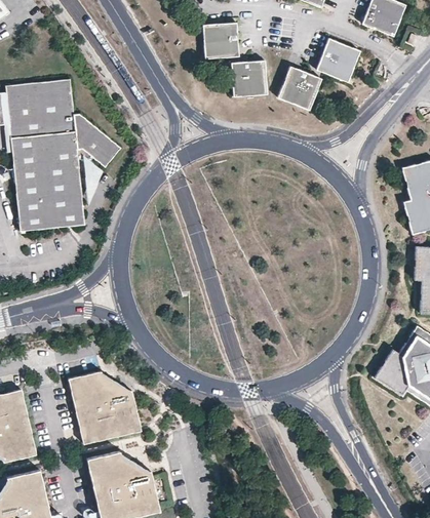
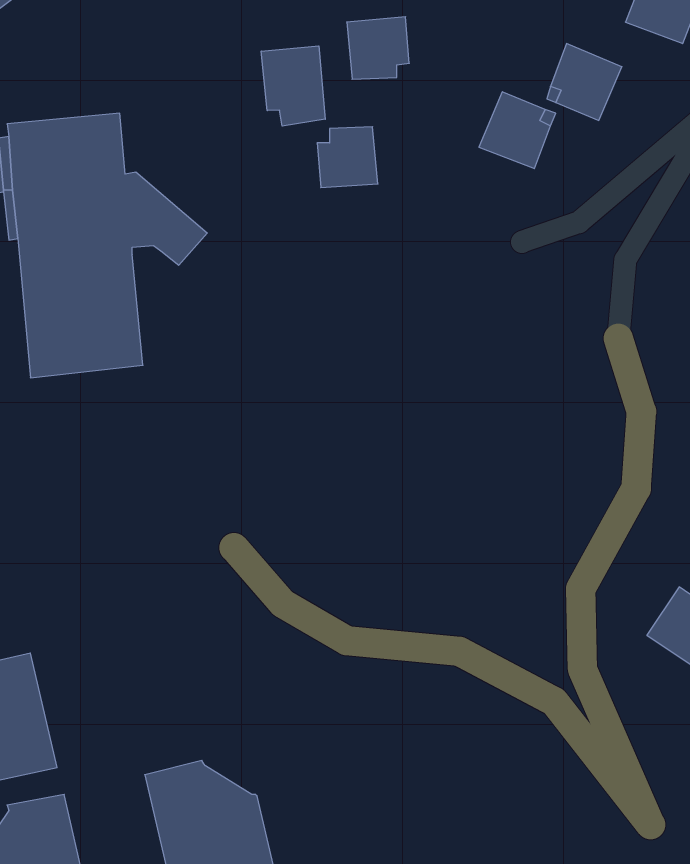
building: none -> [261,46,325,126]
building: [232,63,267,97] -> [317,127,378,188]
building: [68,370,142,444] -> none

